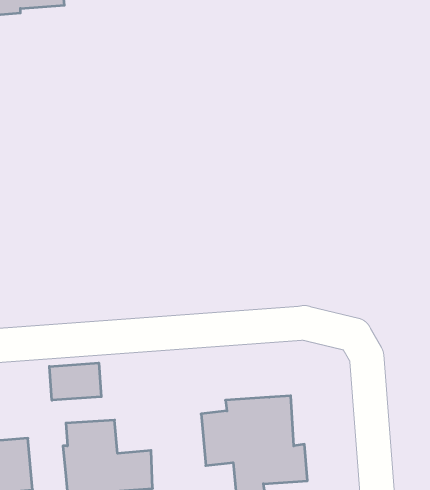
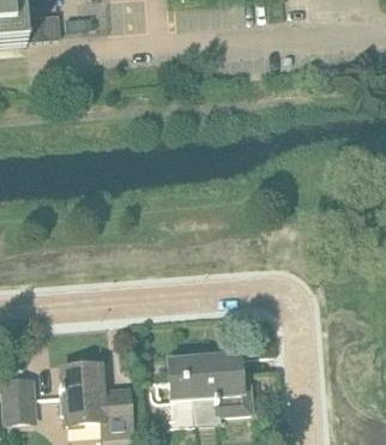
building: [49,363,101,400] -> none

